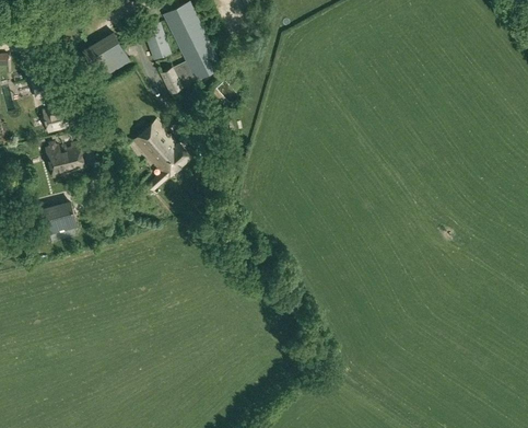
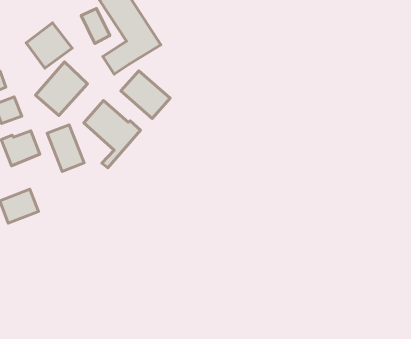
building: none -> [36,62,87,116]
building: none -> [121,71,170,118]
building: none -> [47,125,84,171]

